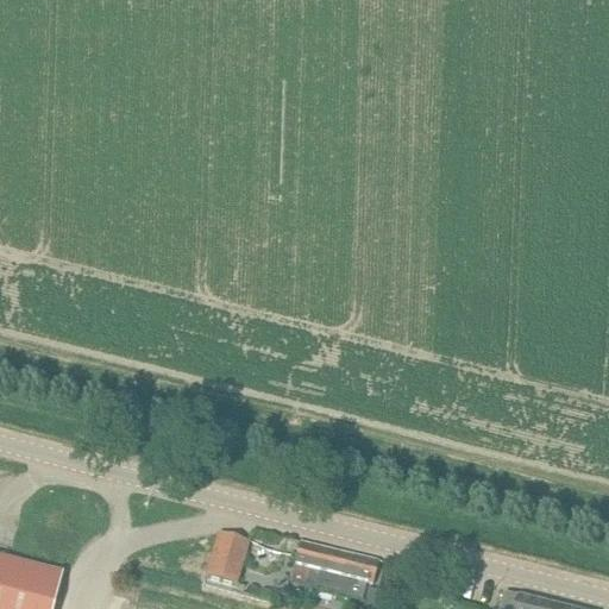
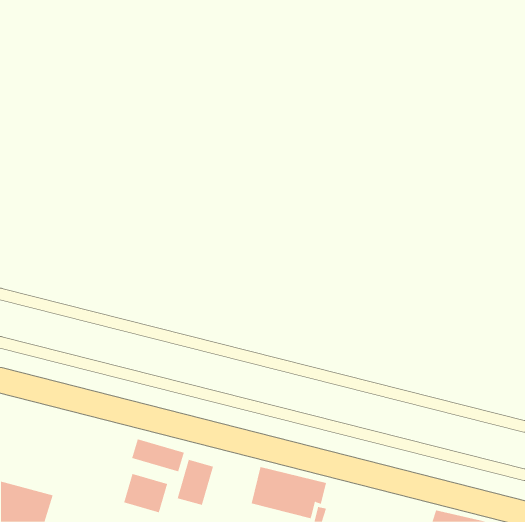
building: none -> [132,439,184,472]
building: none -> [124,473,168,513]

